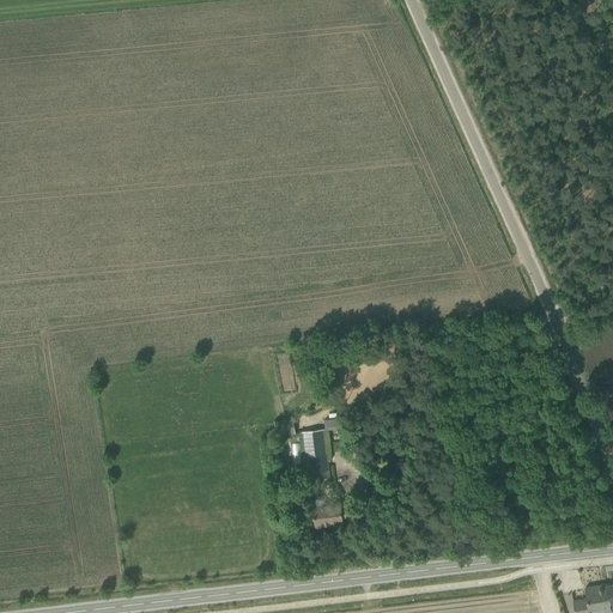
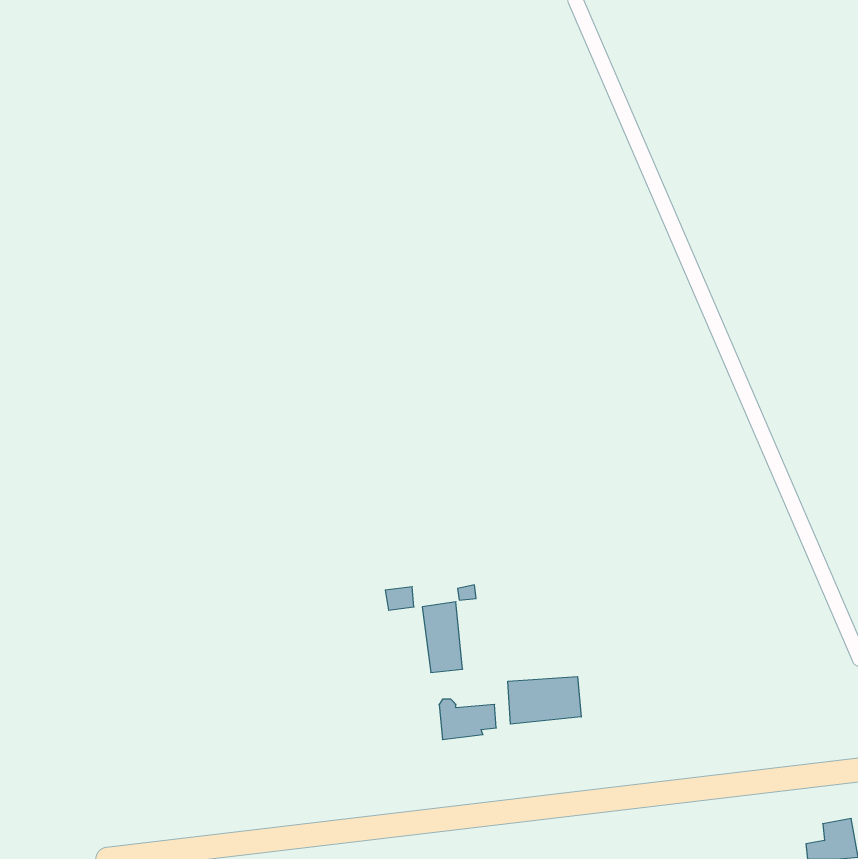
building: none -> [508,677,581,724]

